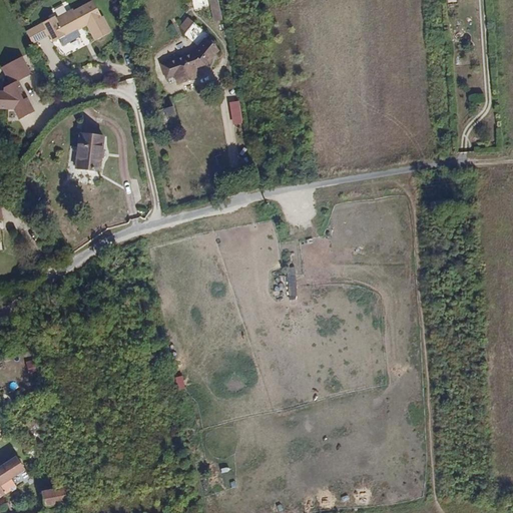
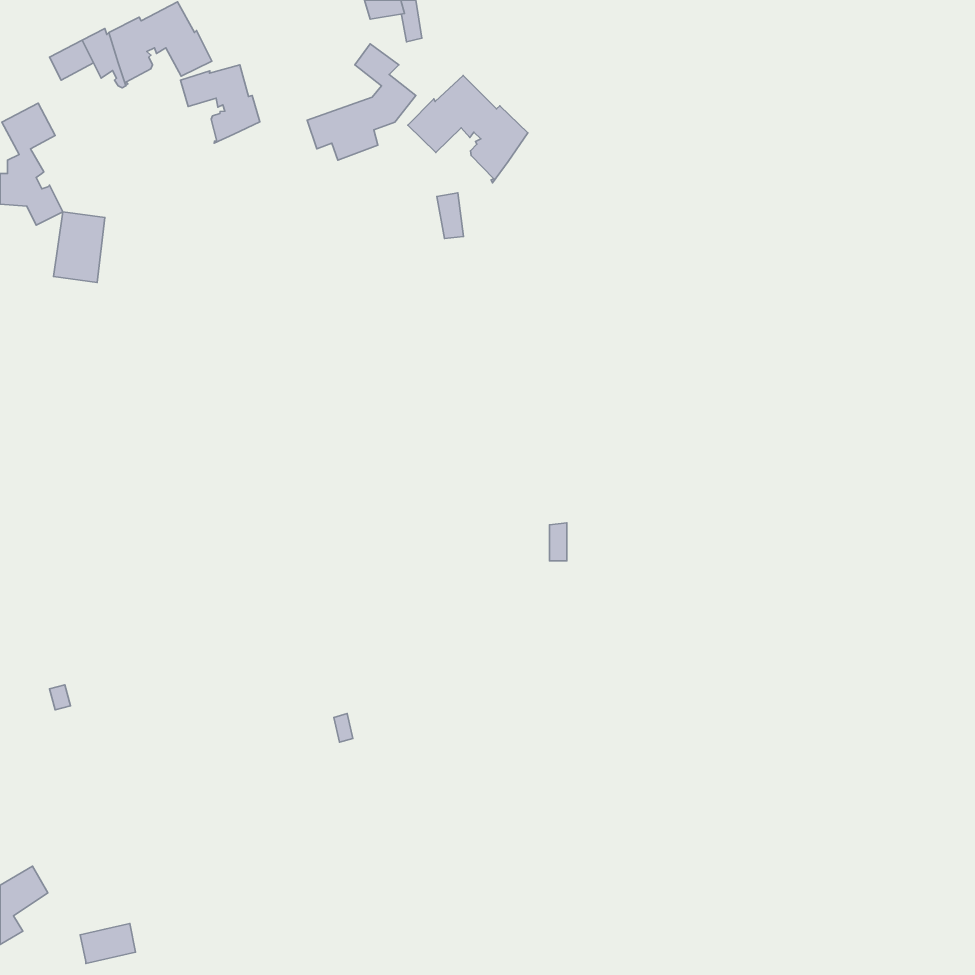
building: none -> [180,65,260,143]
building: none -> [408,76,528,183]
building: [76,134,103,171] -> [53,212,105,282]

